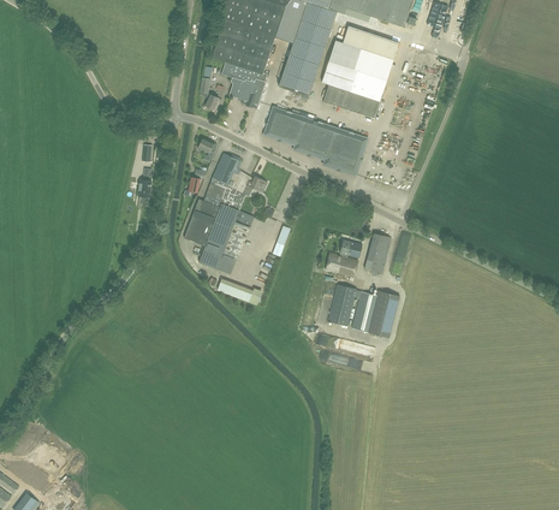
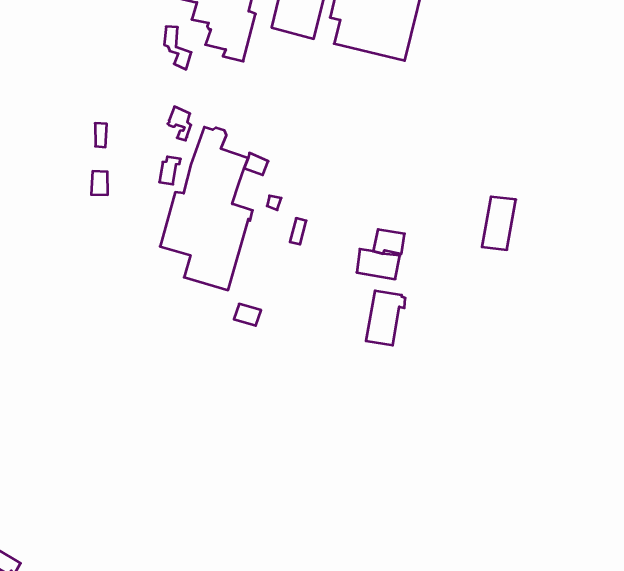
building: [263,107,367,174] -> none
building: [363,233,391,273] -> [482,197,516,250]
building: [351,290,397,337] -> none

